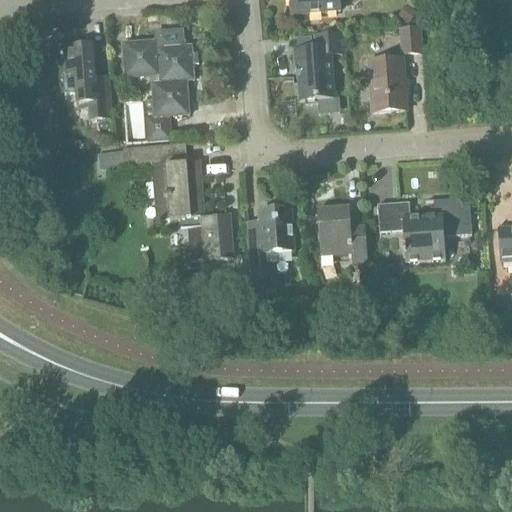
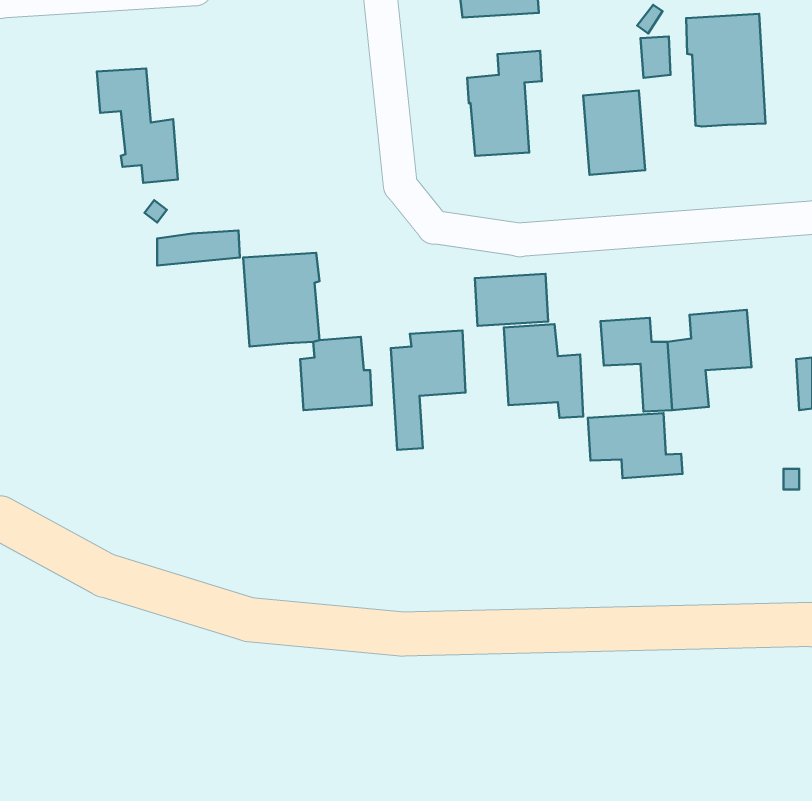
building: none -> [686,14,765,127]
building: [121,28,198,140] -> none
building: none -> [475,274,548,326]
building: none -> [588,413,682,478]

